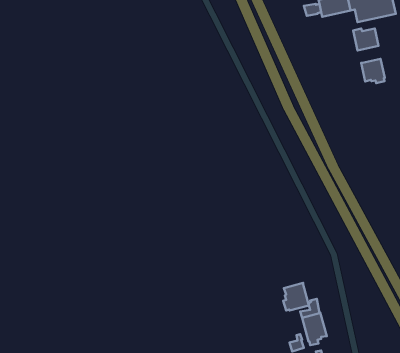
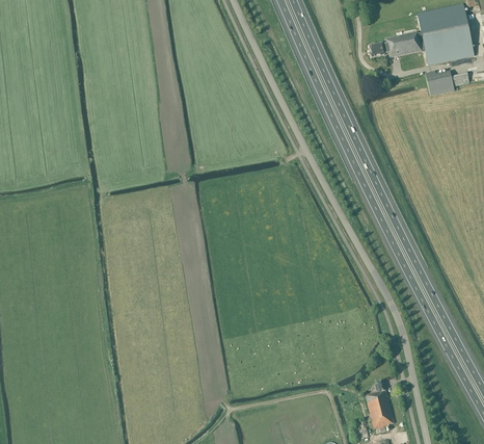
building: [361,59,385,83] -> none
building: [283,283,309,311] -> none

